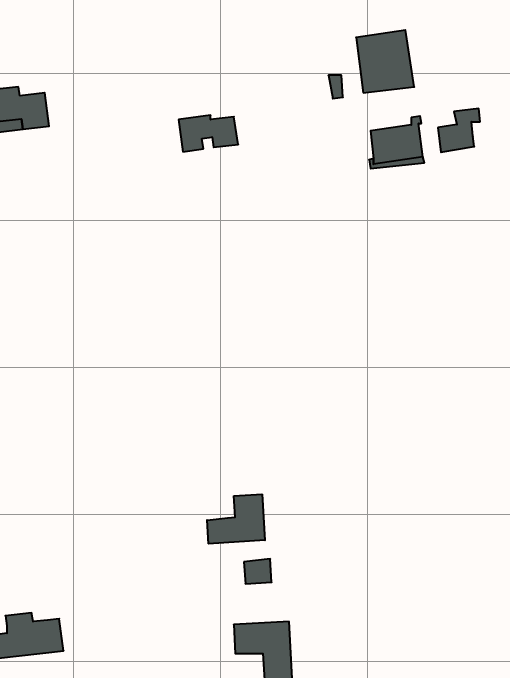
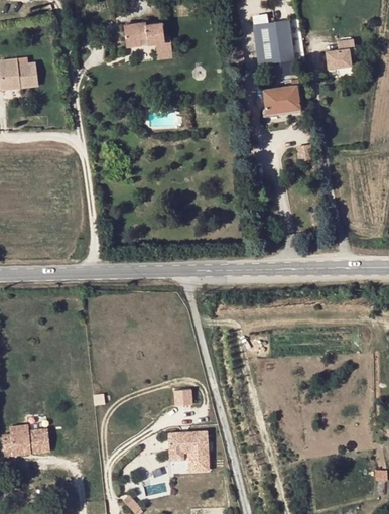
building: [438,109,480,152] -> [325,38,354,69]
building: [179,115,238,152] -> [123,23,164,48]
building: [207,494,265,544] -> none

